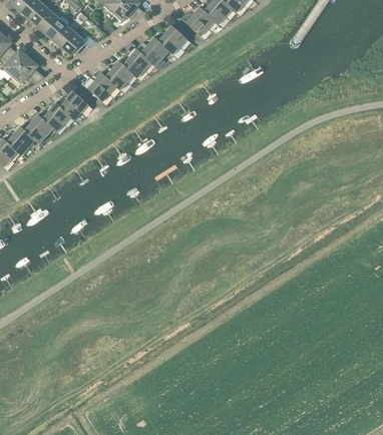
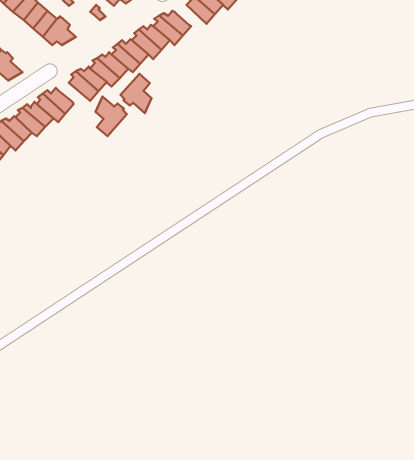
building: none -> [120,74,151,113]
building: none -> [96,97,127,136]

